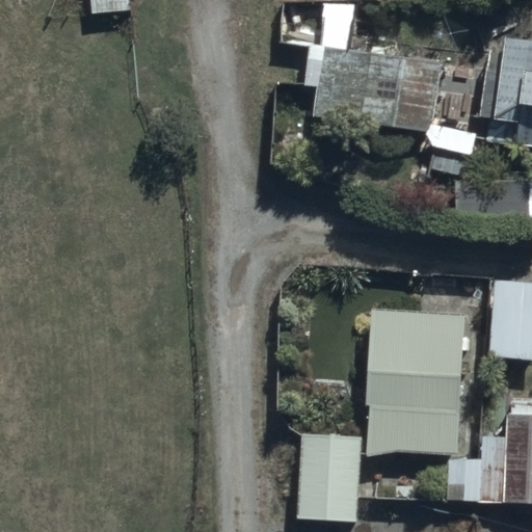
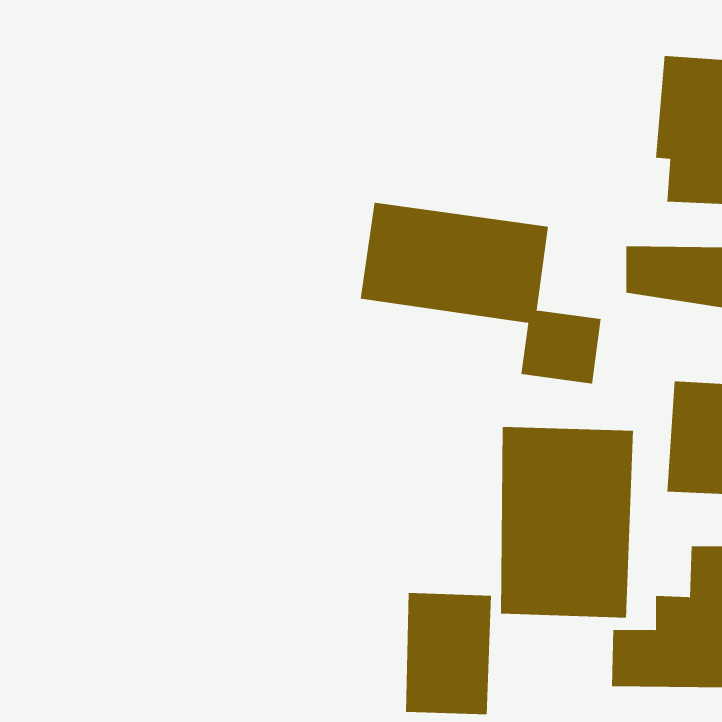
building: [304,43,481,176] -> [360,202,601,384]

